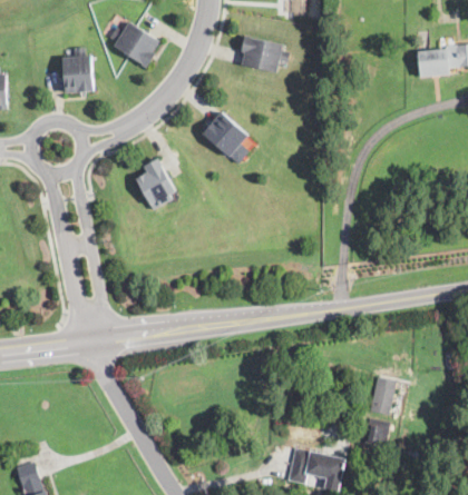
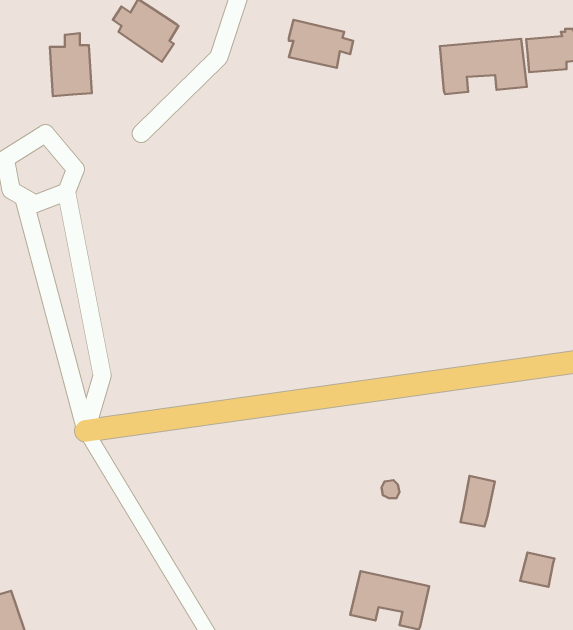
building: none -> [440,39,527,94]
building: [201,111,247,158] -> none
building: [135,158,175,210] -> none
building: [363,417,389,443] -> [520,552,555,587]

